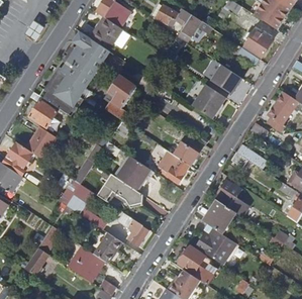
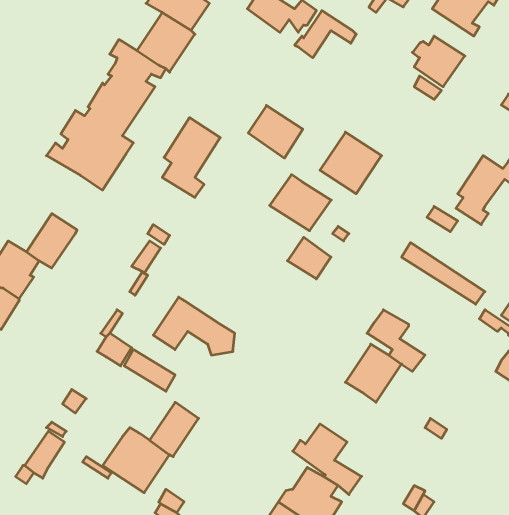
building: [210,63,240,92] -> [248,105,303,158]
building: [26,90,57,130] -> none
building: [154,150,188,181] -> [270,175,331,231]
building: [114,154,148,189] -> none
building: [118,212,149,245] -> none
building: [196,227,236,264] -> none

